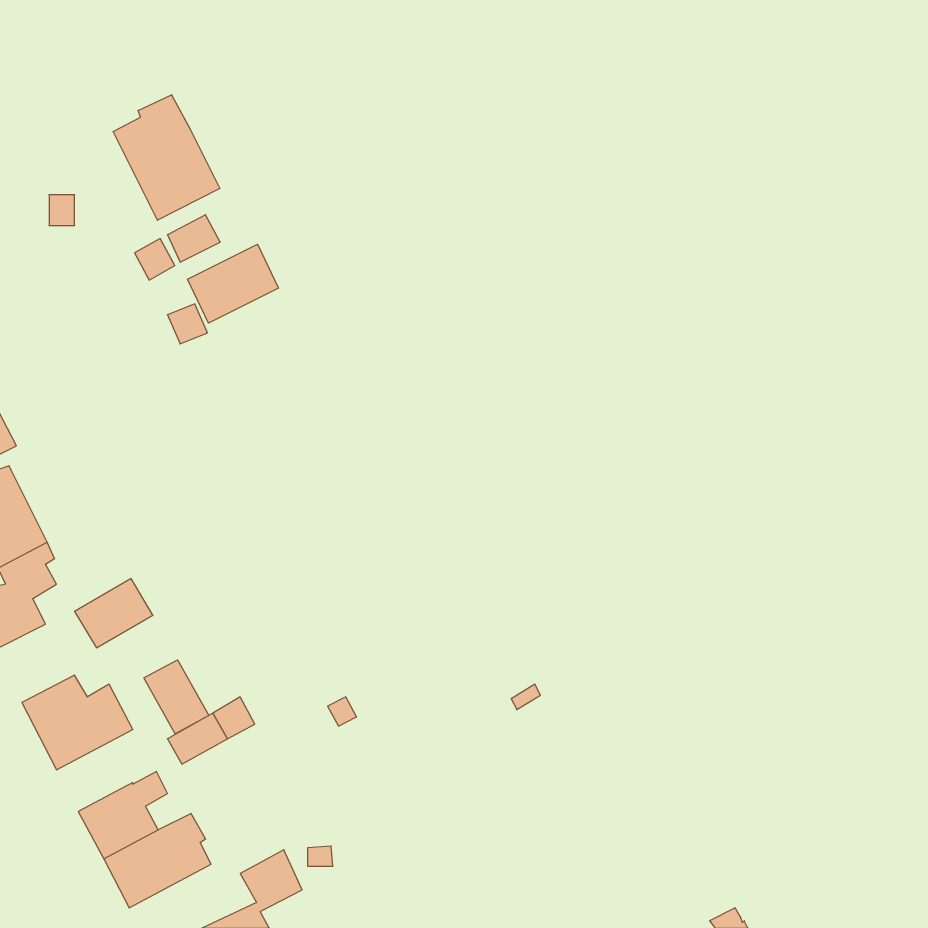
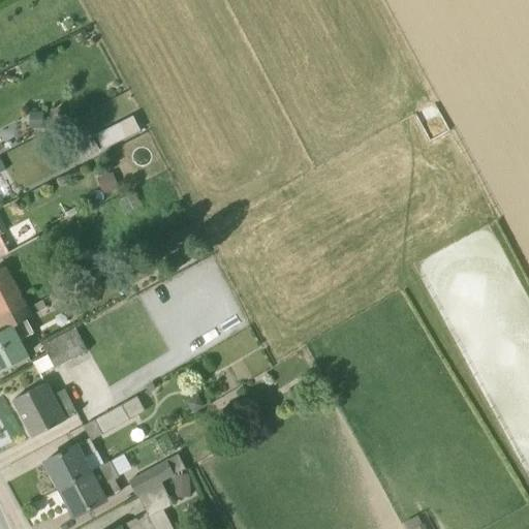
building: [113,95,220,220] -> none
building: [188,244,278,323] -> none
building: [144,660,209,734] -> none
building: none -> [128,461,175,496]

